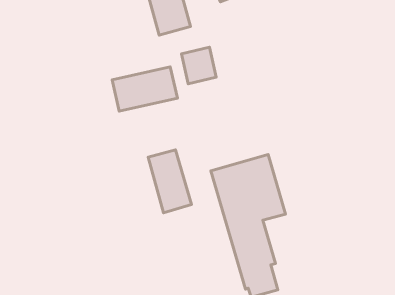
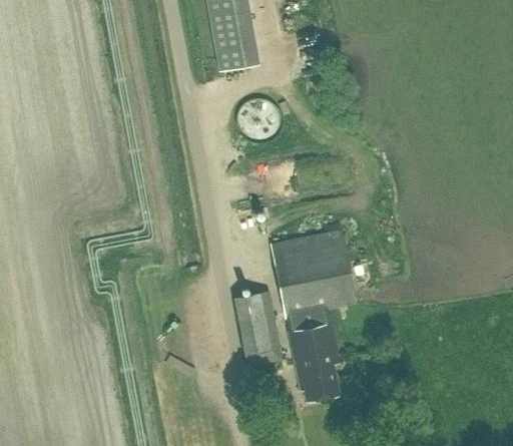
building: [112,67,177,111] -> none
building: [148,150,192,213] -> [234,291,283,366]

